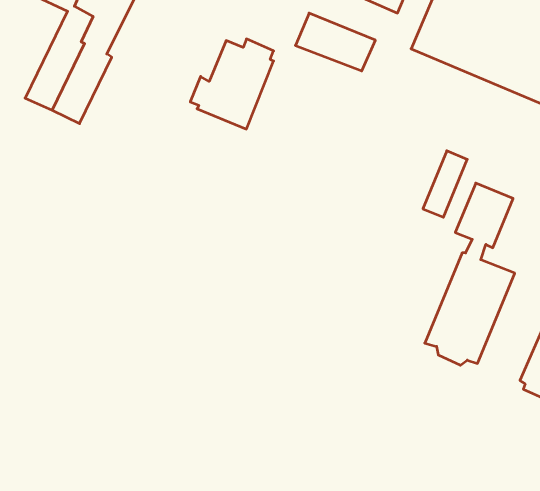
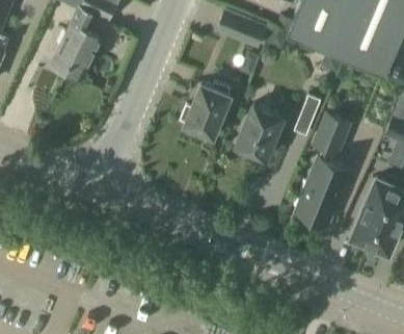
building: [190,39,274,129] -> [180,83,231,138]
building: none -> [237,106,282,161]

